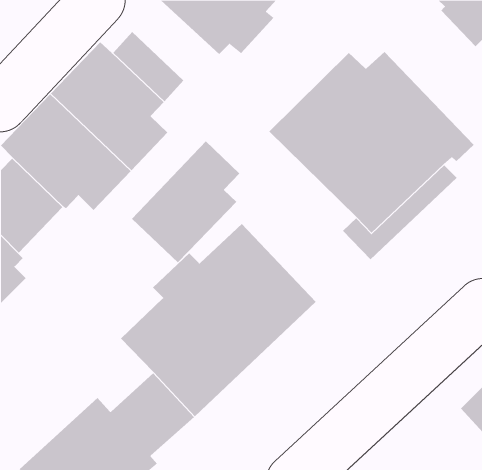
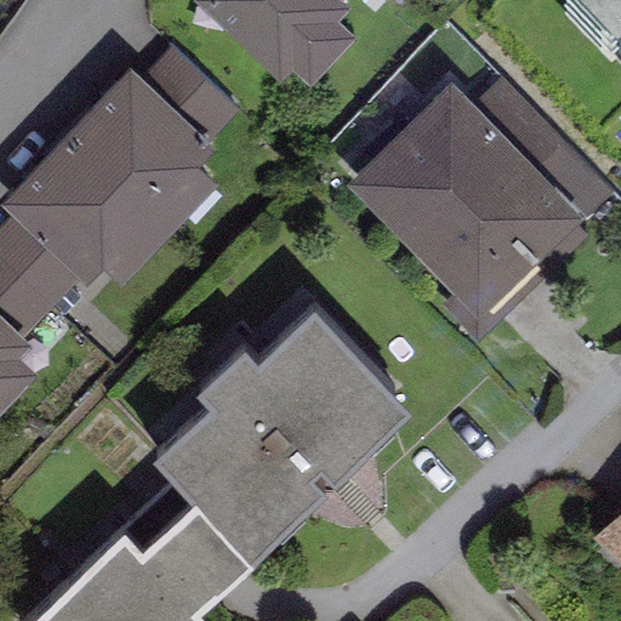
building: [131,140,240,263] -> none

